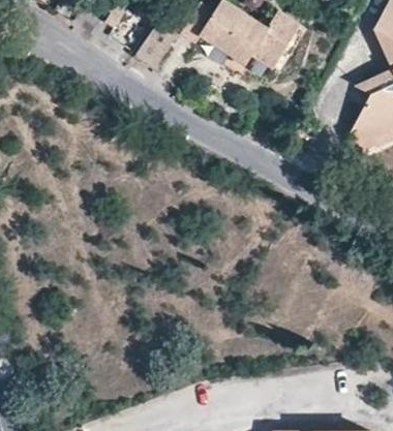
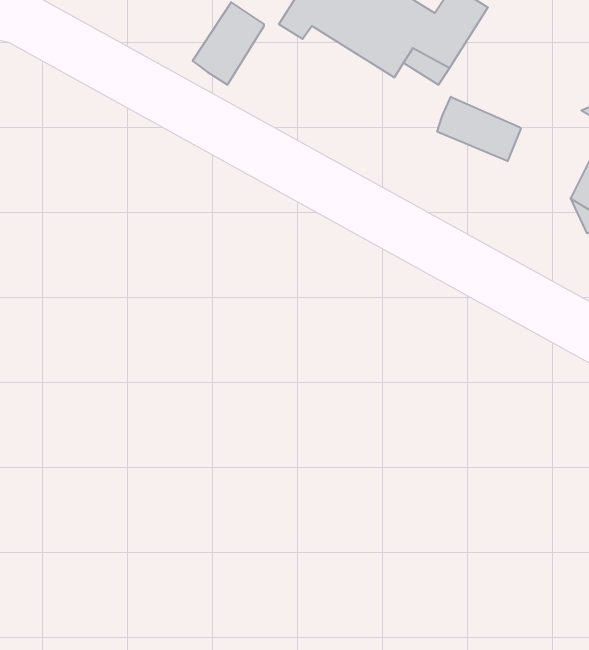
building: none -> [437,97,521,161]

